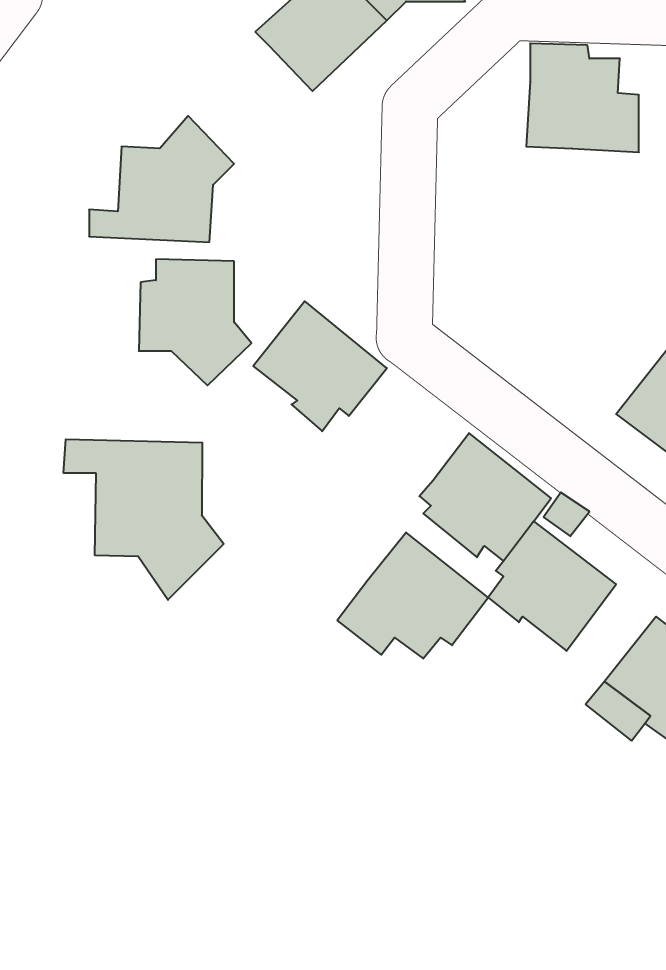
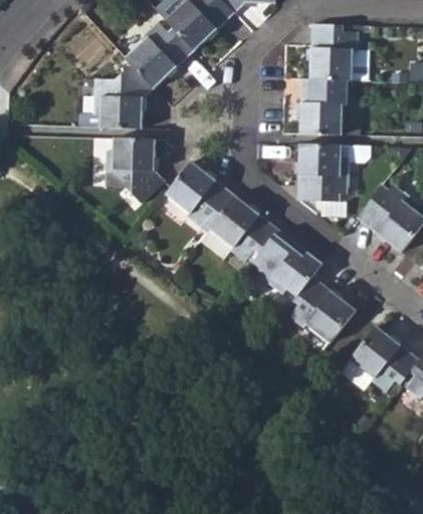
building: none -> [125,21,196,87]
building: none -> [299,77,347,135]
building: none -> [297,144,367,201]
building: [64,439,224,600] -> none
building: [337,532,488,659] -> [199,195,278,261]

